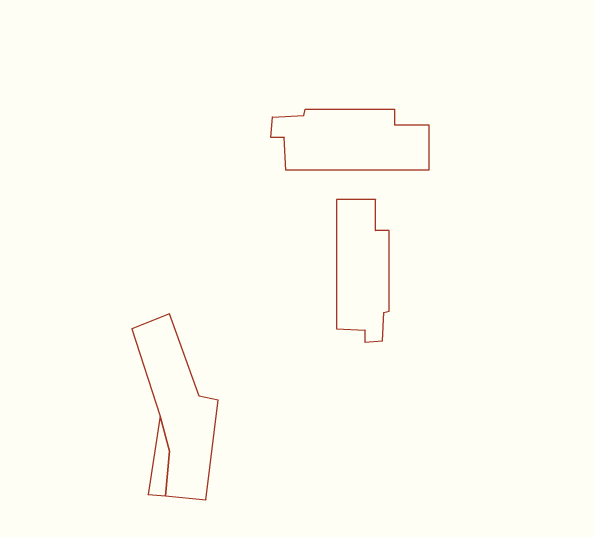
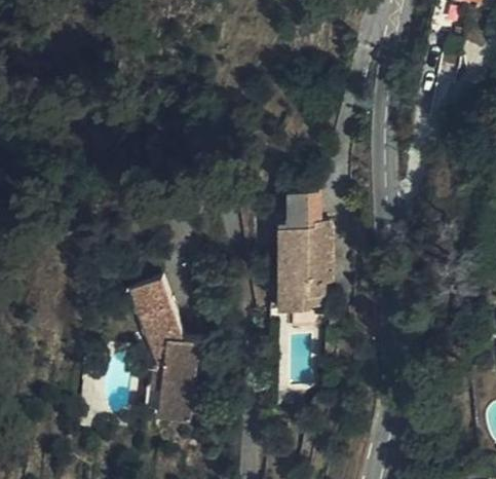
building: [271,109,429,170] -> none
building: none -> [281,224,310,306]

